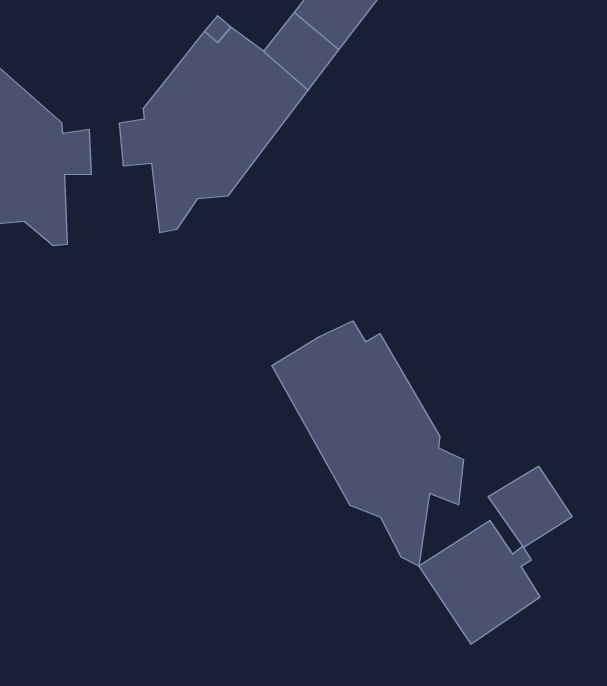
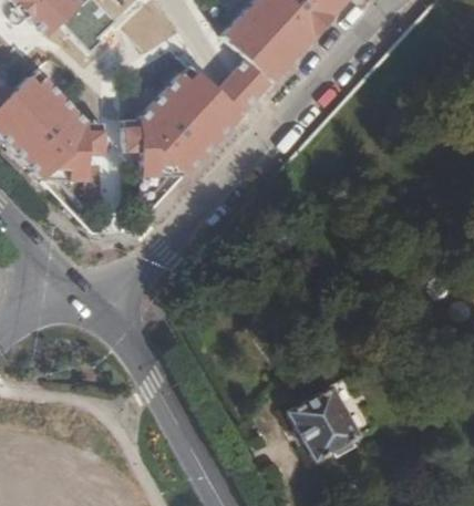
building: [272,321,464,566] -> none
building: [488,466,572,547] -> none

